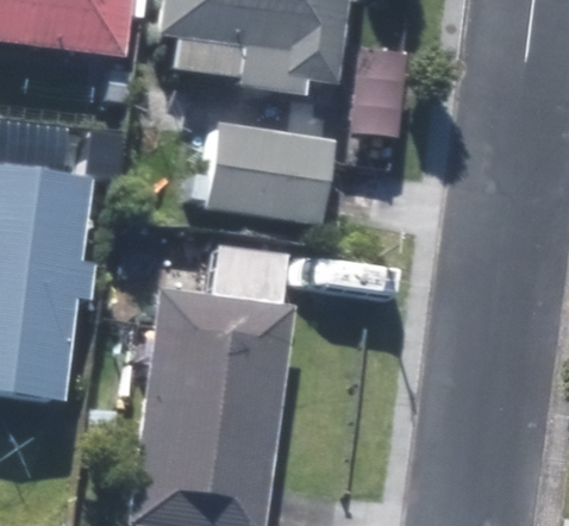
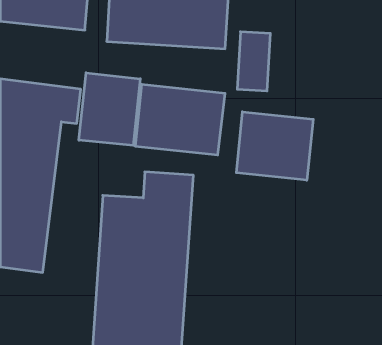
building: none -> [79,73,140,145]
building: none -> [236,112,313,180]

